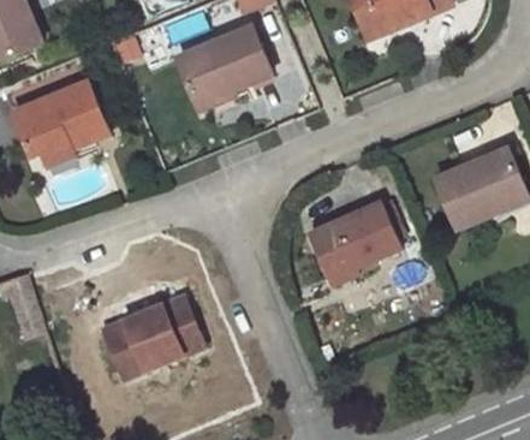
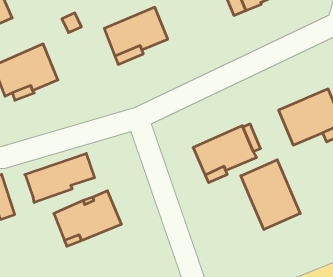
building: none -> [25,153,94,203]
building: none -> [241,160,300,230]

